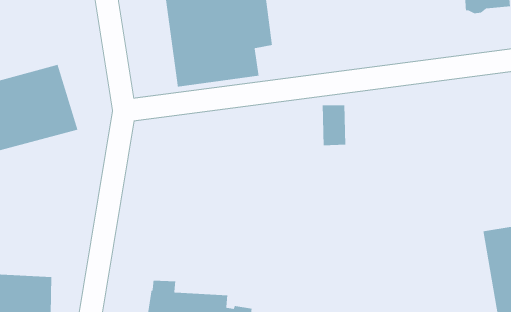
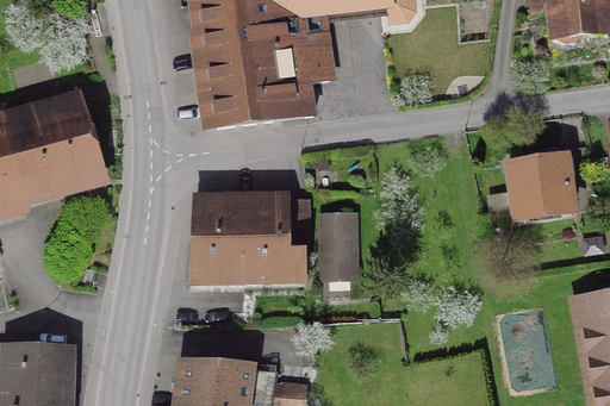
building: [322,104,346,146] -> [322,212,350,261]
building: none -> [505,154,571,217]
building: none -> [187,195,306,280]

